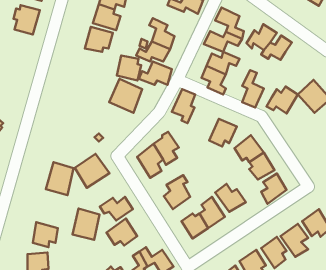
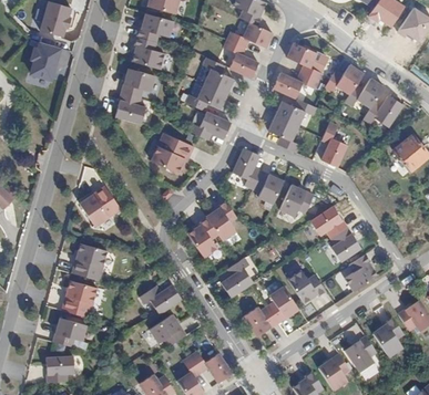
building: none -> [222,39,259,80]
building: [117,55,141,81] -> [114,94,145,126]
building: [267,87,298,114] -> [362,95,402,129]
building: none -> [251,169,284,206]
building: [75,154,109,188] -> [79,186,123,229]
building: [72,208,99,240] -> [62,278,96,318]

